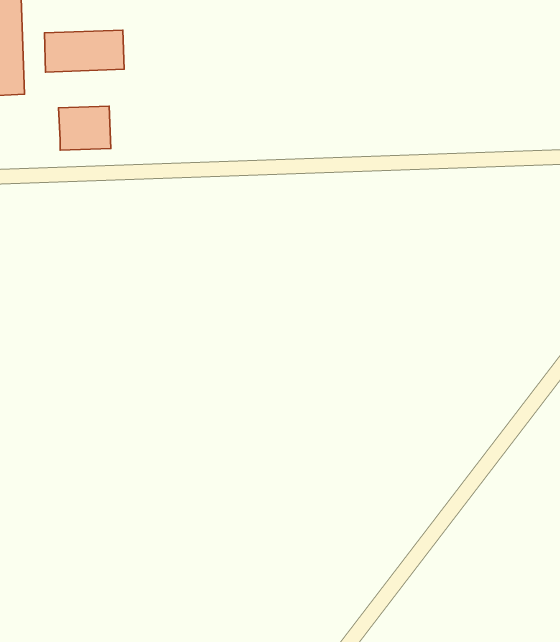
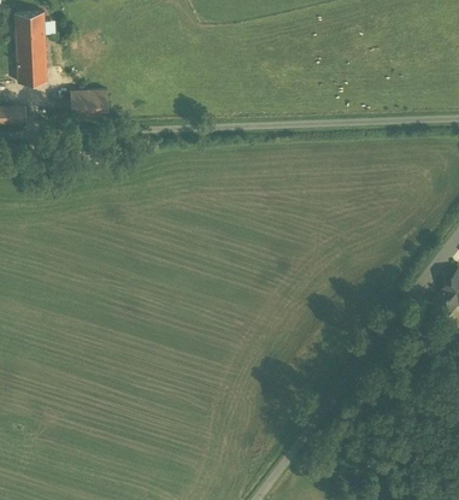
building: [44,30,124,72] -> none

